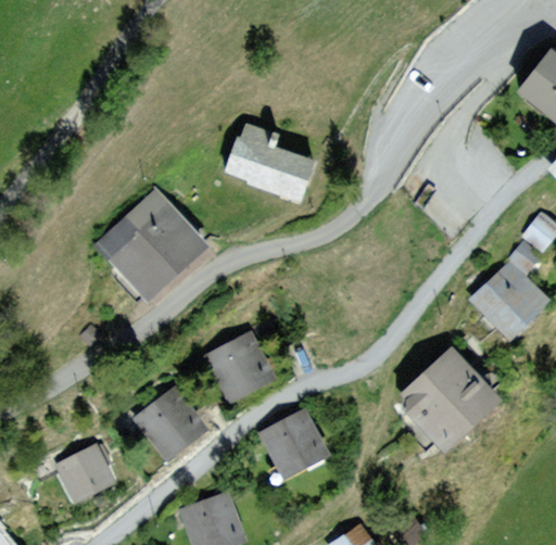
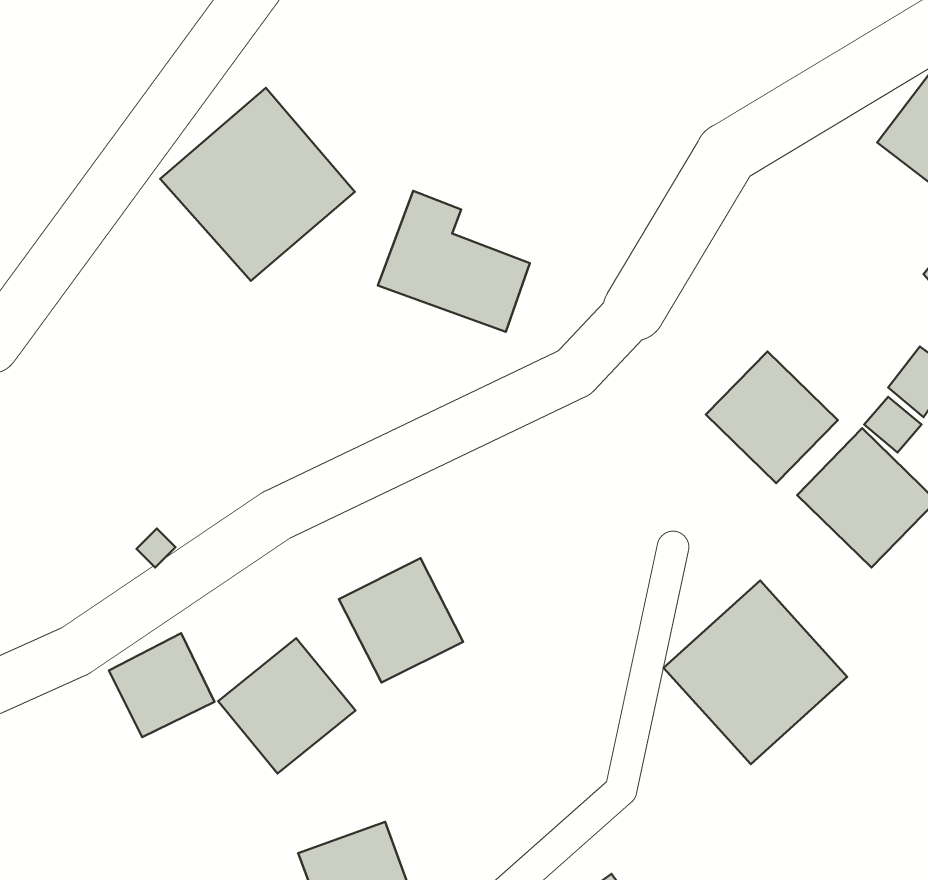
building: [93,187,207,300] -> [160,88,355,281]
building: none -> [706,352,838,483]
building: [256,406,330,480] -> none
building: [55,444,117,505] -> [109,633,215,737]

